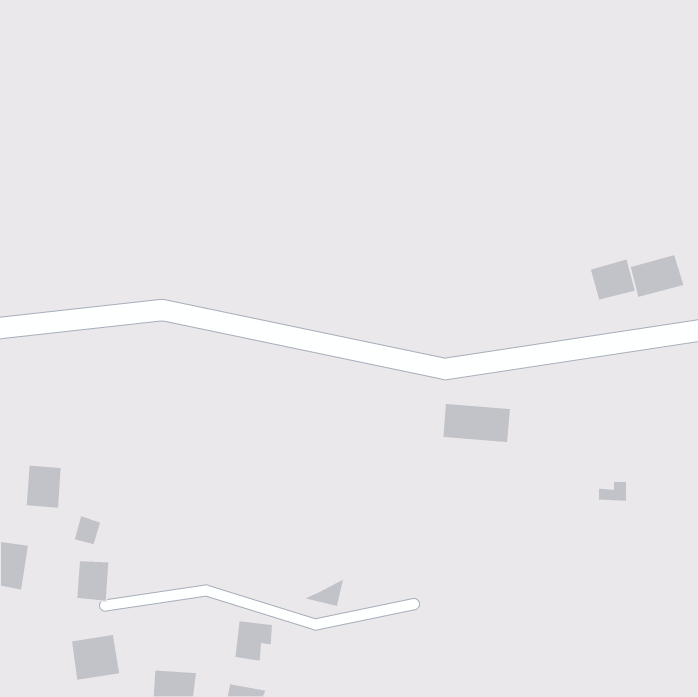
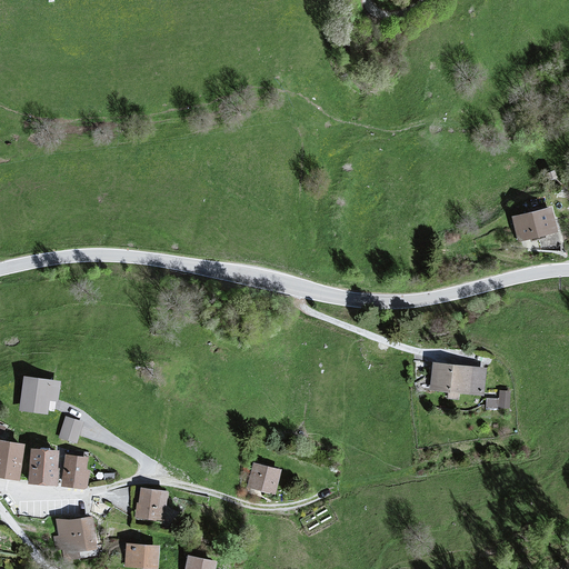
building: [590,259,636,301] -> none
building: [442,403,511,443] -> [430,362,486,395]
building: none -> [27,449,57,486]
building: [235,620,273,661] -> [136,488,167,521]

